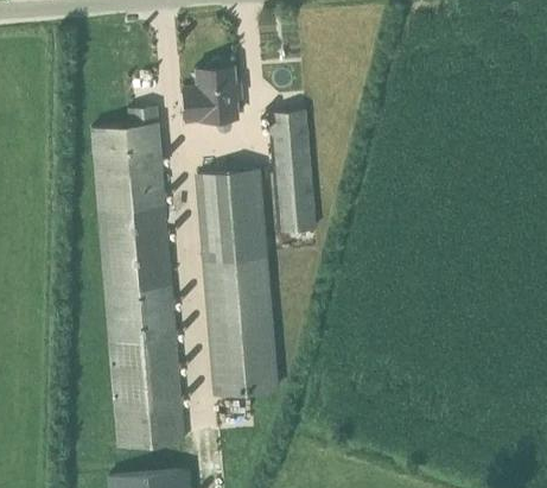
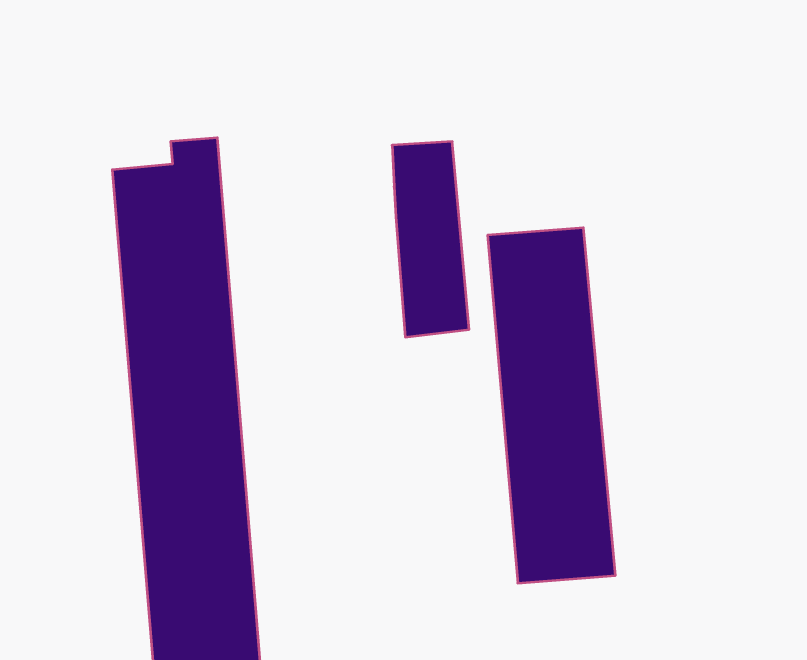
building: [185,59,240,122] -> none
building: [198,171,279,395] -> [488,228,615,583]

